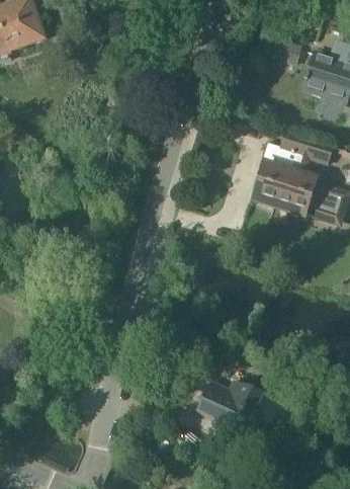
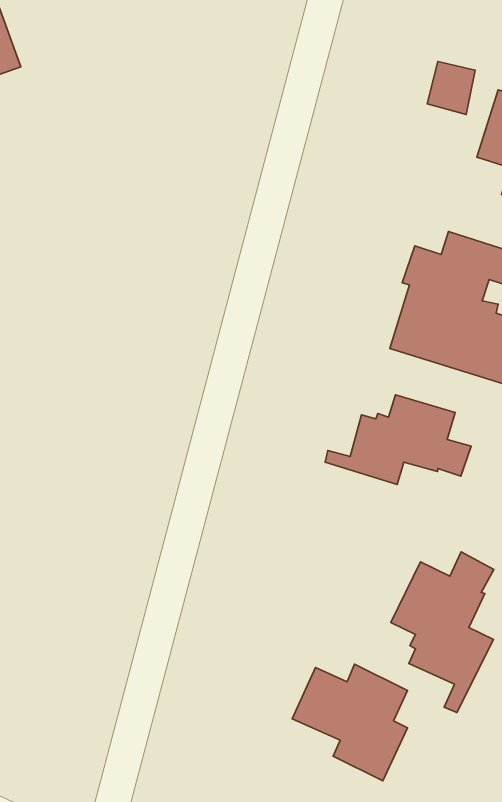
building: none -> [325,395,471,484]
building: none -> [391,552,494,712]

